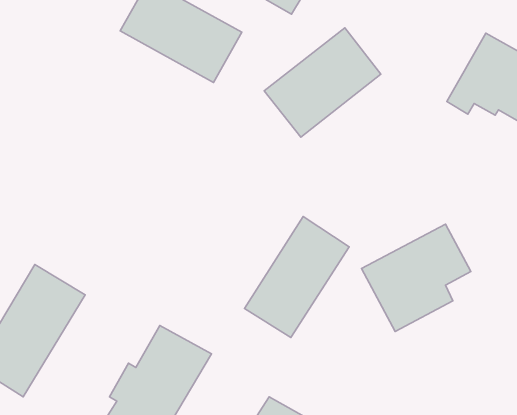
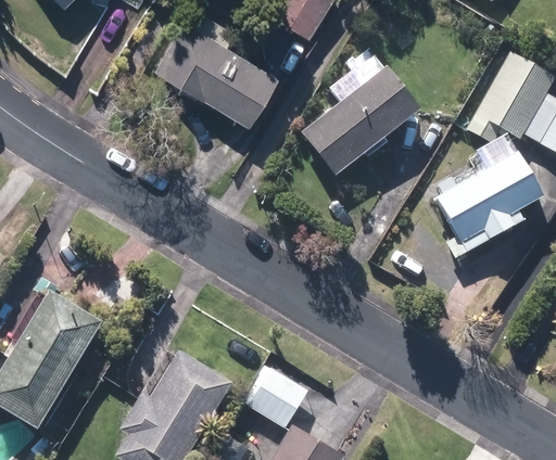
building: [245,217,349,337] -> none
building: [361,224,471,331] -> [421,145,534,256]
building: none -> [262,378,319,435]

